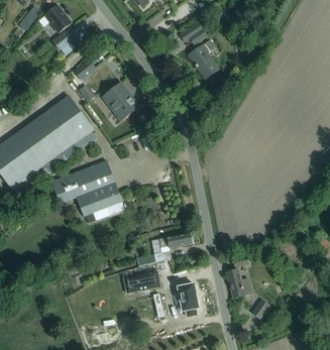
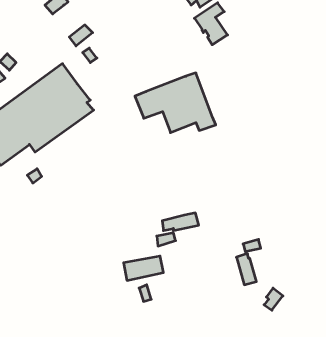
building: [103,82,136,120] -> none
building: [51,160,125,215] -> [135,73,216,133]
building: [182,286,202,316] -> none

